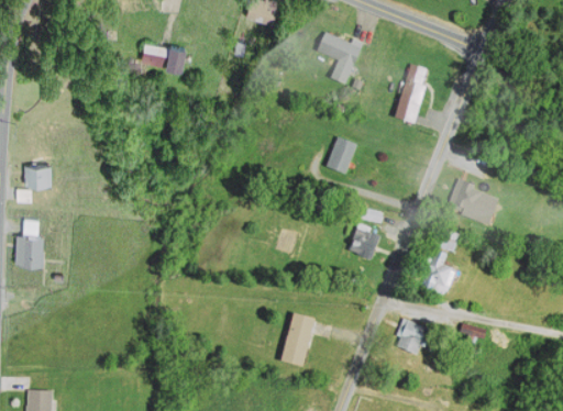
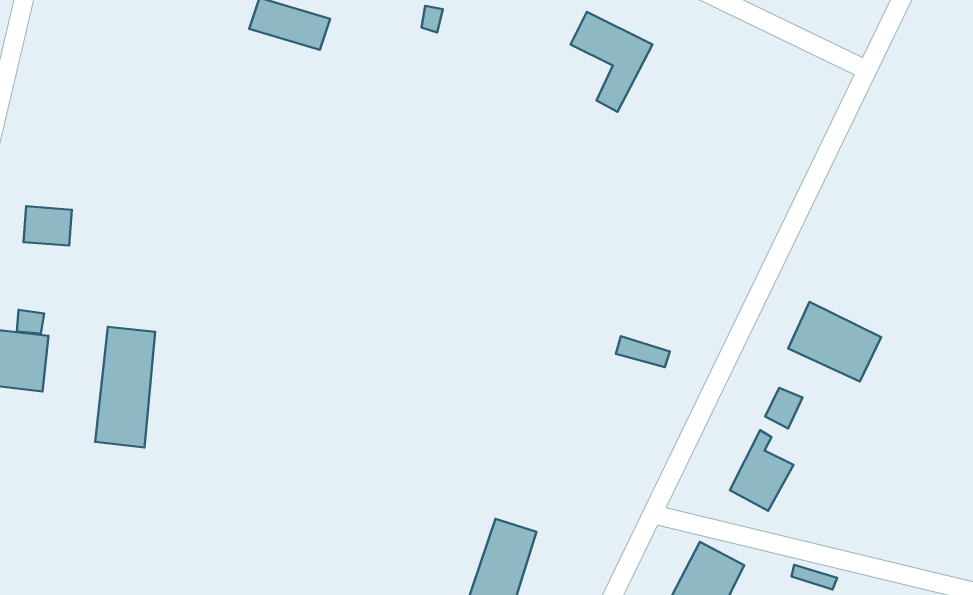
building: [395,63,428,123] -> none
building: [324,136,356,176] -> none
building: none -> [95,327,155,448]
building: [349,226,379,259] -> none

